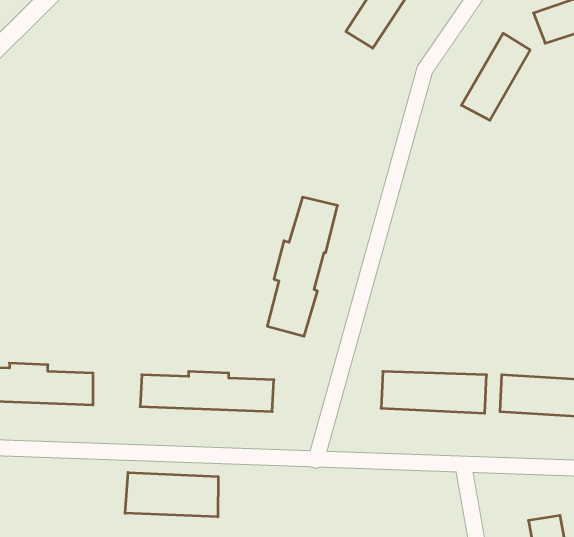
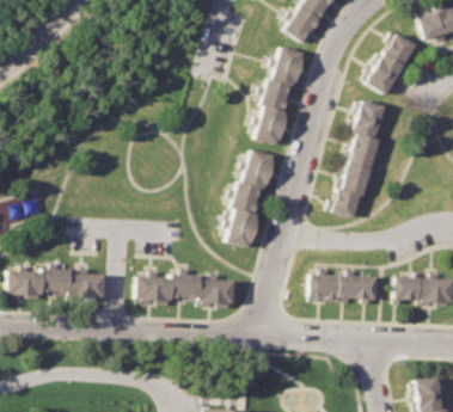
building: none -> [256,47,308,147]
building: none -> [332,99,386,217]
building: [125,472,218,517] -> none

